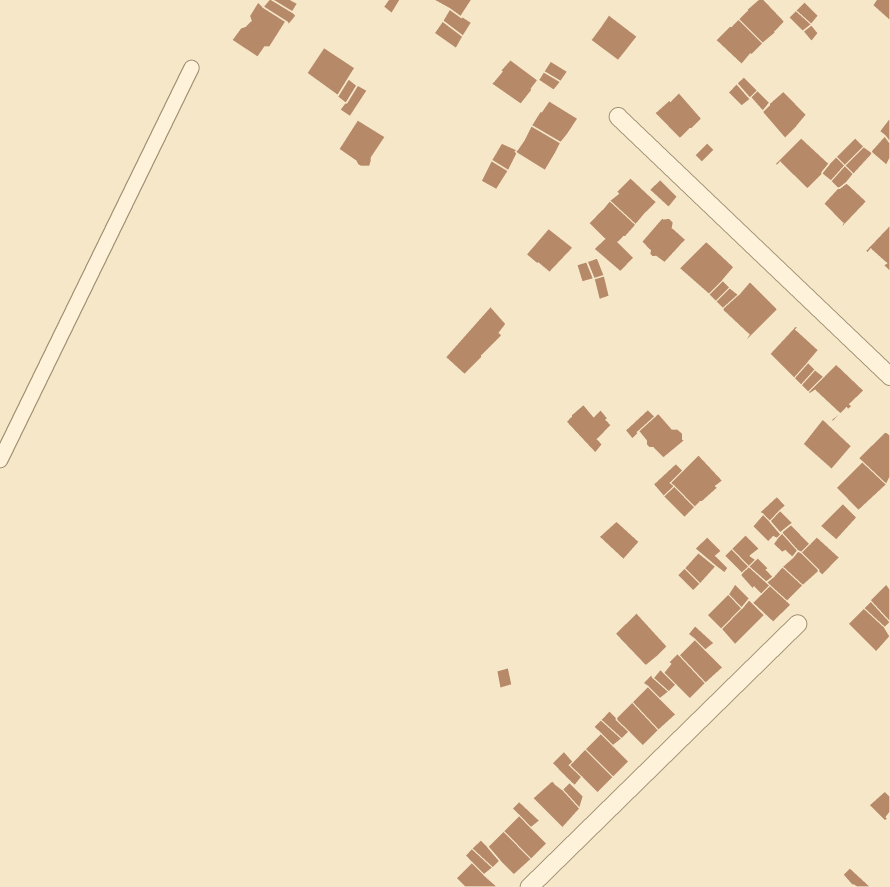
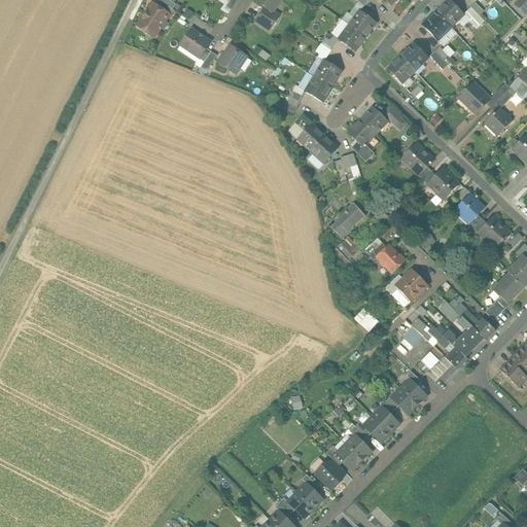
building: [491,59,538,105] -> [338,24,365,50]
building: [762,91,808,138] -> [401,42,428,70]
building: [338,119,385,167] -> [219,44,247,72]
building: none -> [296,114,324,150]
building: [642,217,686,264] -> none
building: [445,307,506,375] -> [331,197,367,237]
building: [803,419,856,470] -> none
building: [615,613,667,666] -> none

